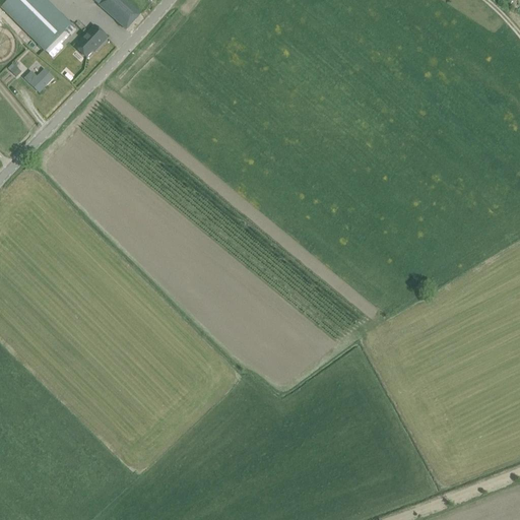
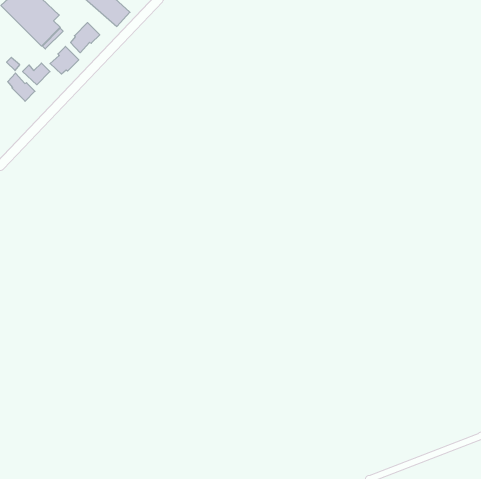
building: none -> [50,46,79,74]
building: none -> [8,73,35,101]

